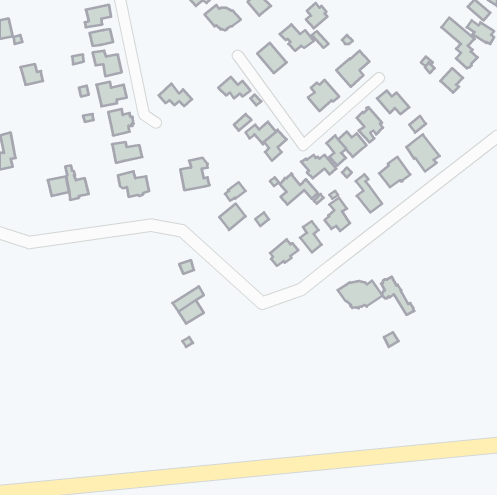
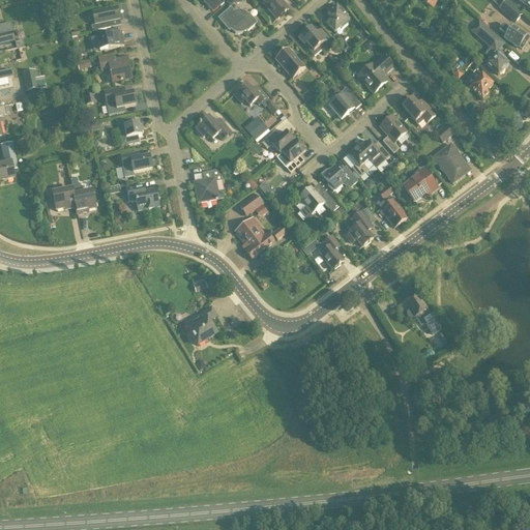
building: [159,84,192,106] -> [195,114,230,138]
building: [270,239,298,266] -> [243,230,273,258]
building: [338,281,382,308] -> none

